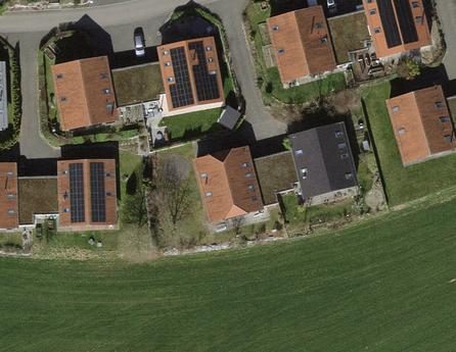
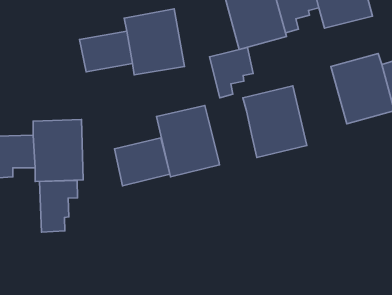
building: [51,56,118,130] -> none
building: [250,149,299,204] -> [210,48,253,98]
building: none -> [114,138,170,186]
building: none -> [39,181,78,232]

